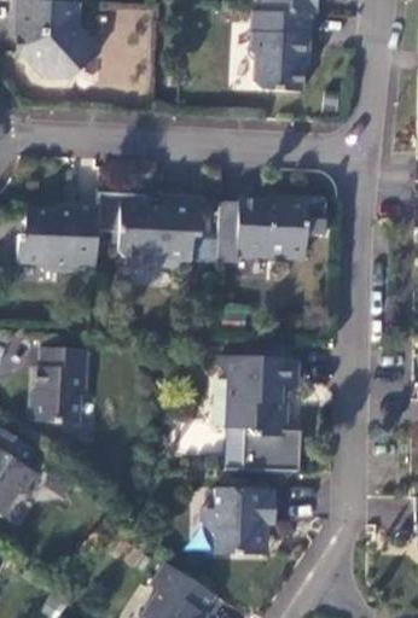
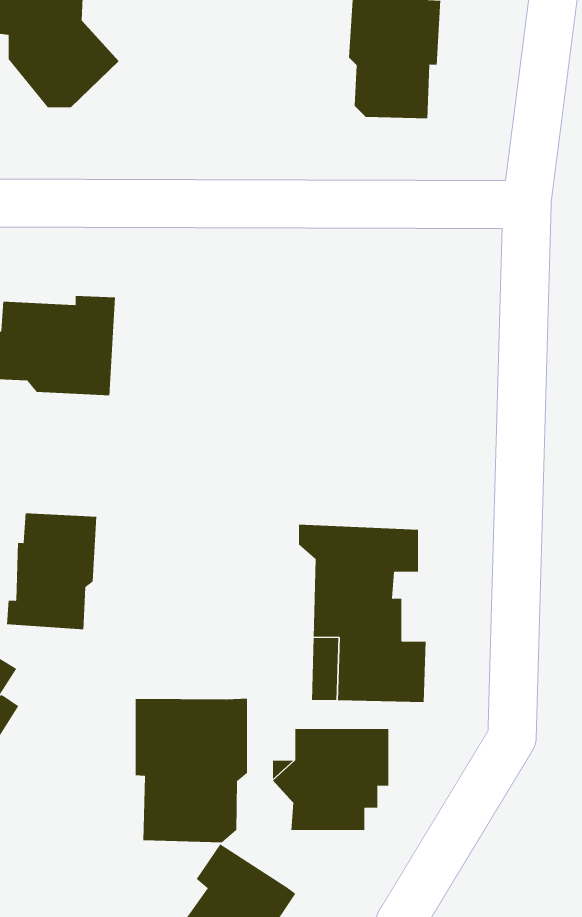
building: [118,196,202,266] -> none
building: [216,198,308,262] -> none
building: none -> [135,698,247,843]

